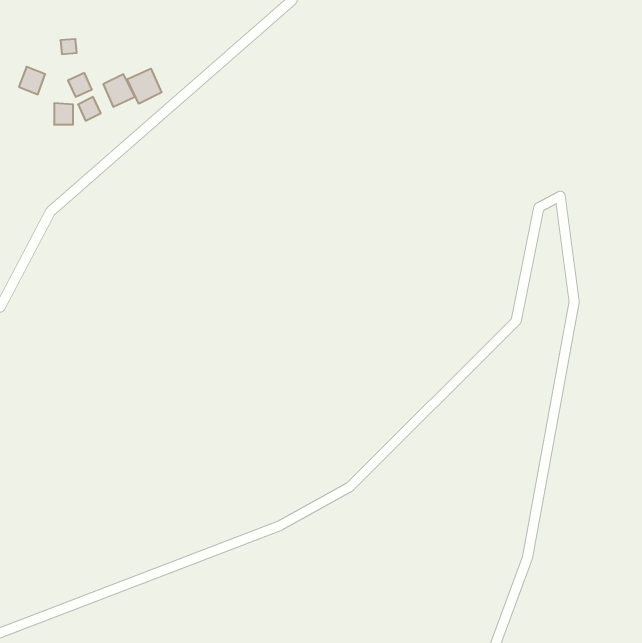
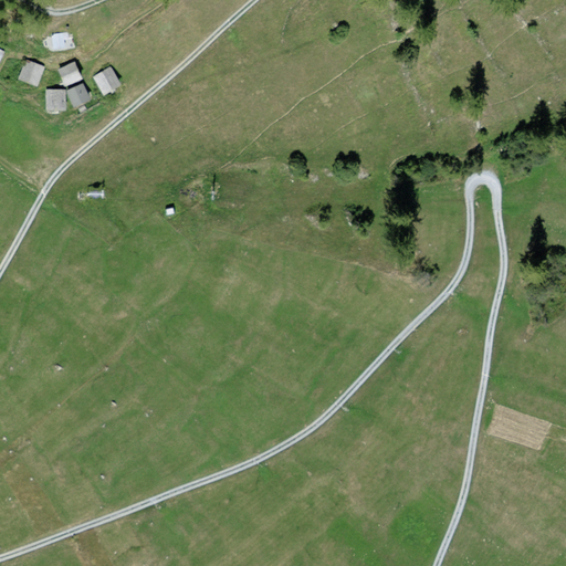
building: [127,69,162,104] -> none

